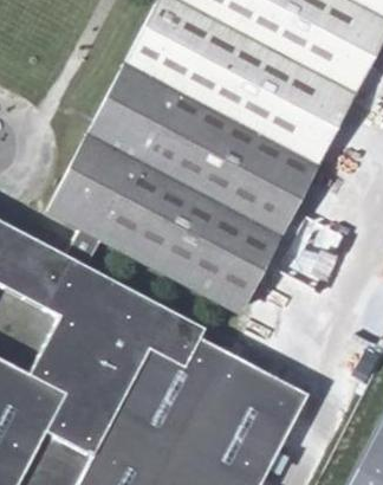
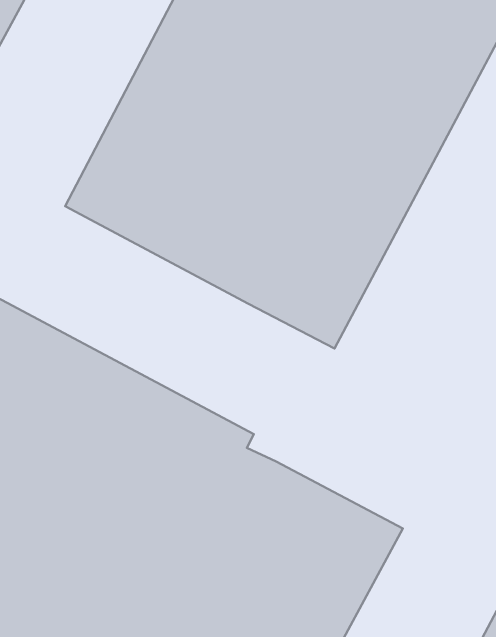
building: [52,174,258,312] -> none

